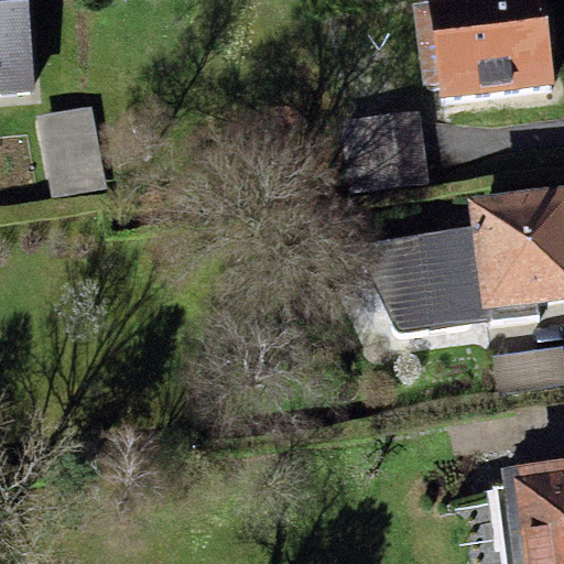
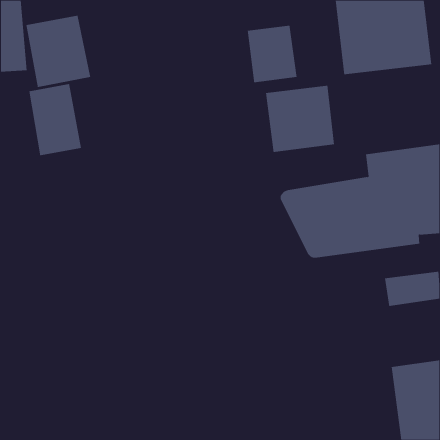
building: none -> [26,15,91,88]
building: none -> [247,25,297,83]

